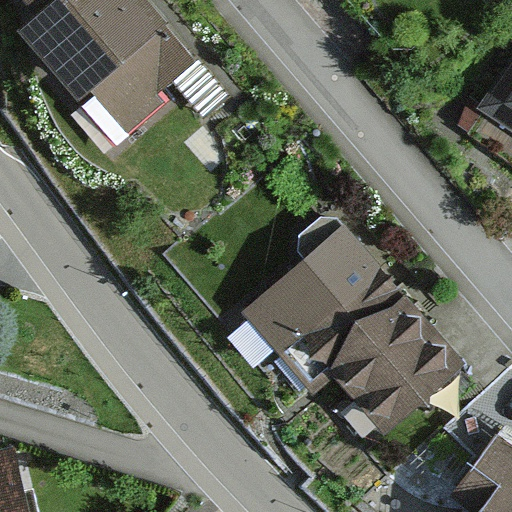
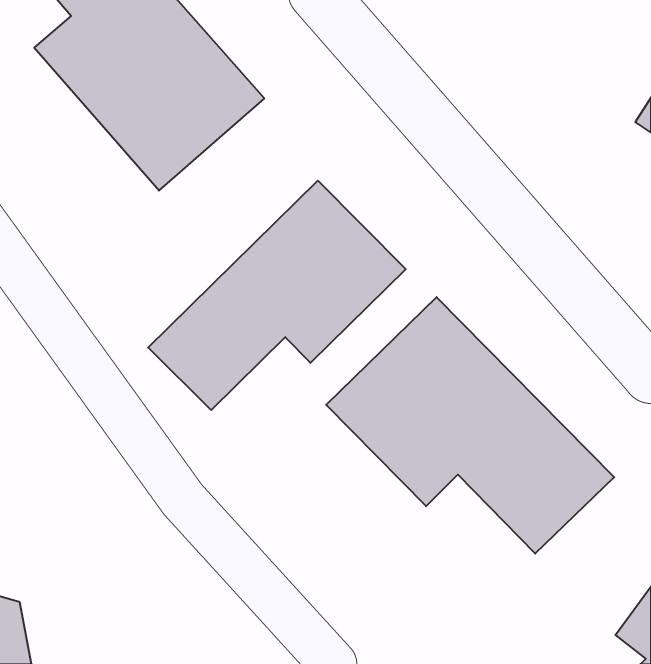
building: none -> [148,181,406,410]

